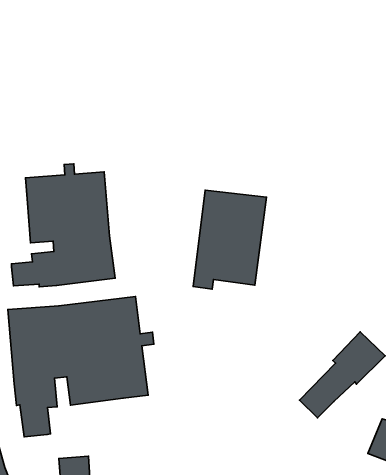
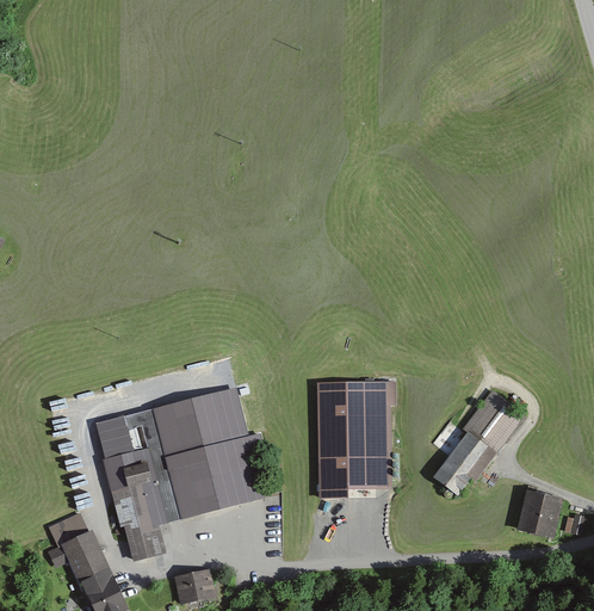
building: [12,164,115,287] -> none
building: [193,190,267,289] -> [321,387,390,496]

